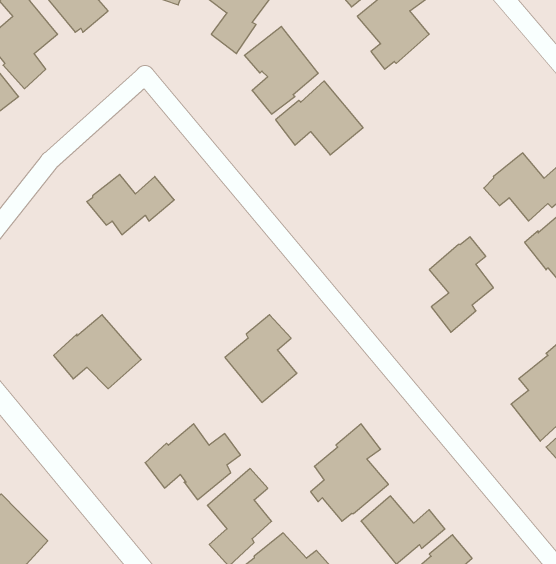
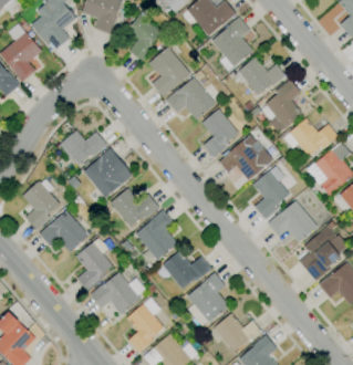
building: none -> [232,58,284,95]
building: none -> [264,79,302,132]
building: none -> [200,108,238,158]
building: none -> [218,134,273,180]
building: none -> [83,148,133,198]
building: none -> [21,179,60,230]
building: none -> [110,188,159,227]
building: none -> [267,200,318,243]
building: none -> [75,242,112,292]
building: none -> [162,251,211,290]

